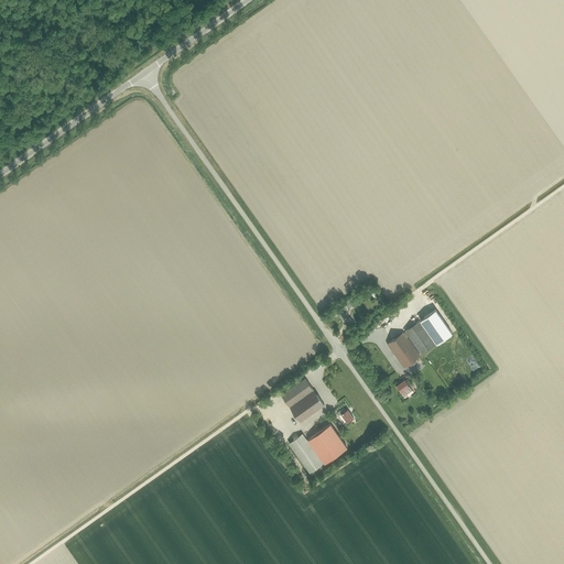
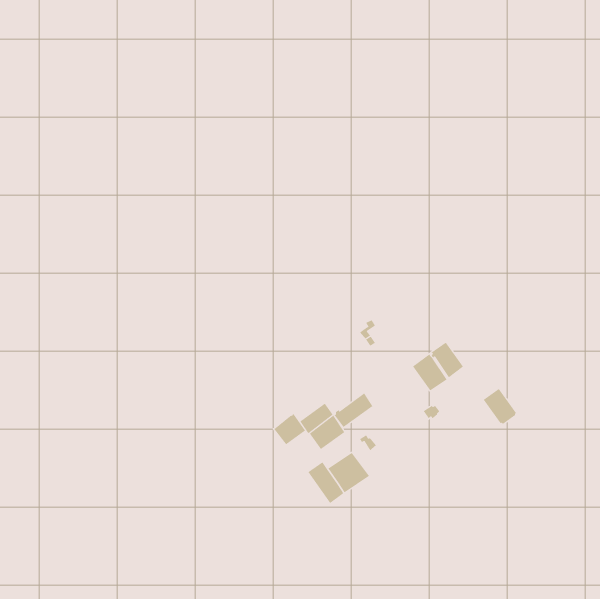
building: [420,311,452,345] -> [483,388,517,425]
building: none -> [334,392,373,428]
building: none -> [273,413,306,445]

